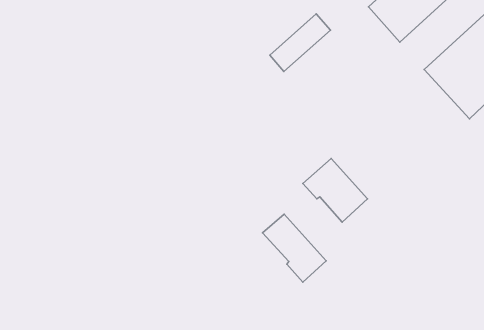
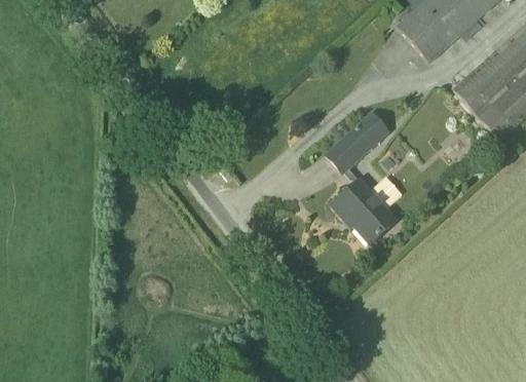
building: [270,14,330,71] -> [326,112,387,170]
building: [262,214,326,282] -> none

